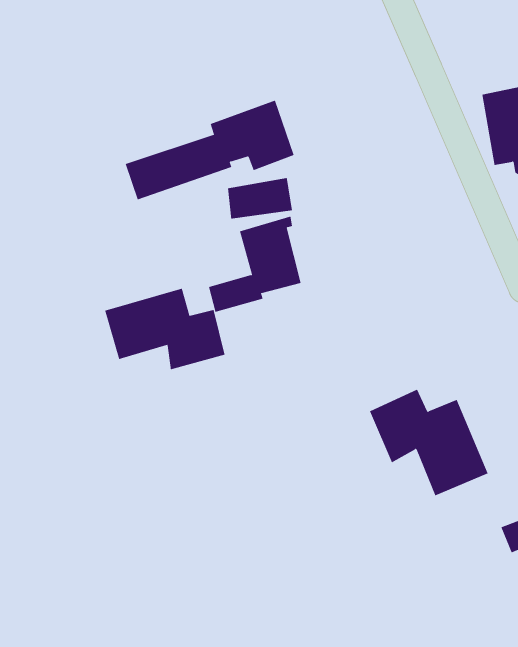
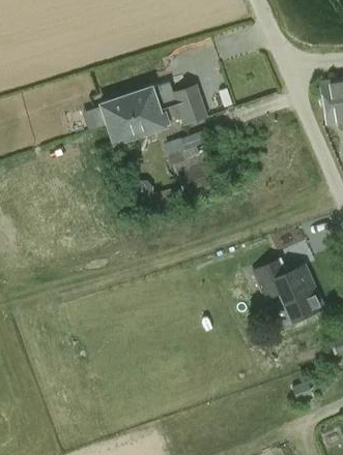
building: none -> [96,83,160,123]
building: [105,288,225,370] -> none

